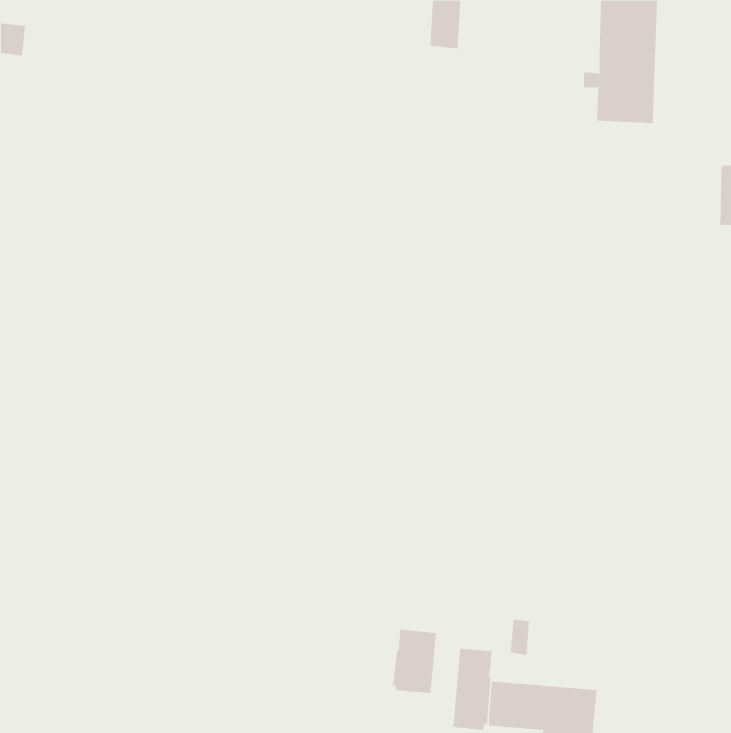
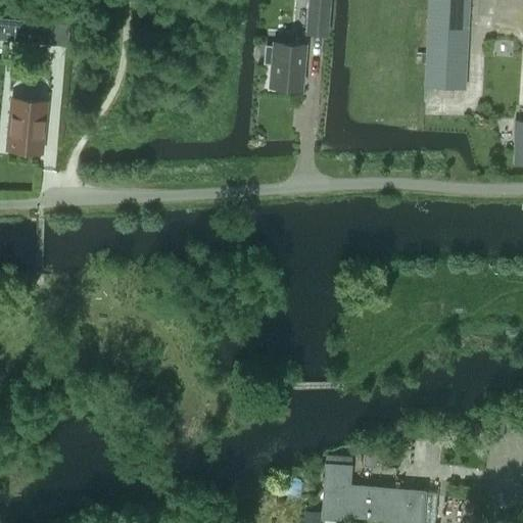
building: none -> [265,43,306,88]
building: none -> [7,100,47,154]
building: [392,629,436,694] -> none

